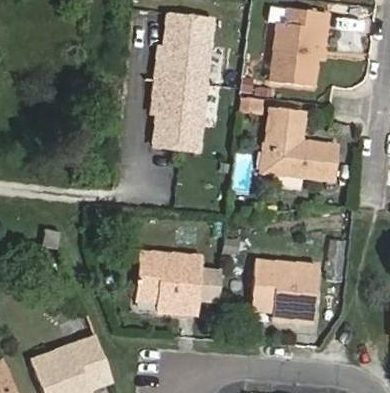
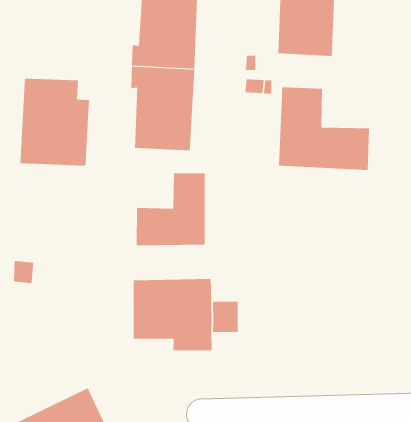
building: none -> [20,78,89,167]
building: none -> [136,172,205,246]
building: [251,261,318,322] -> none

